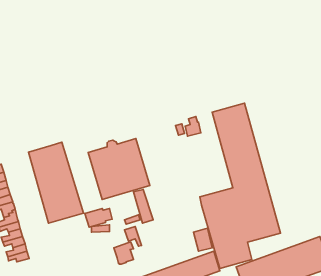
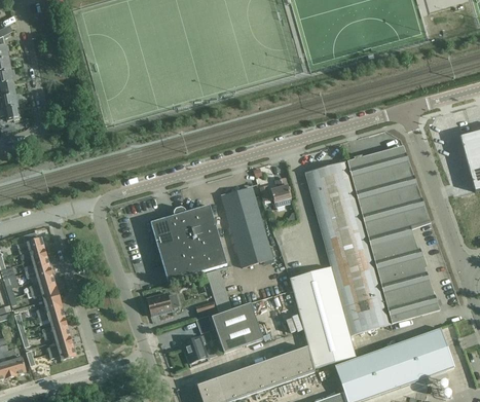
building: none -> [345,149,437,323]
building: none -> [221,186,272,266]
building: [28,142,83,223] -> none
building: none -> [212,302,263,352]

